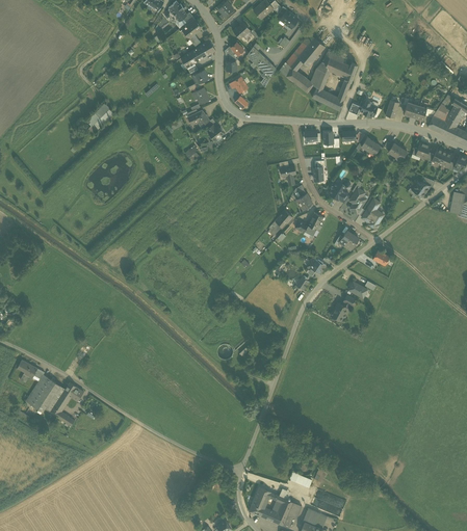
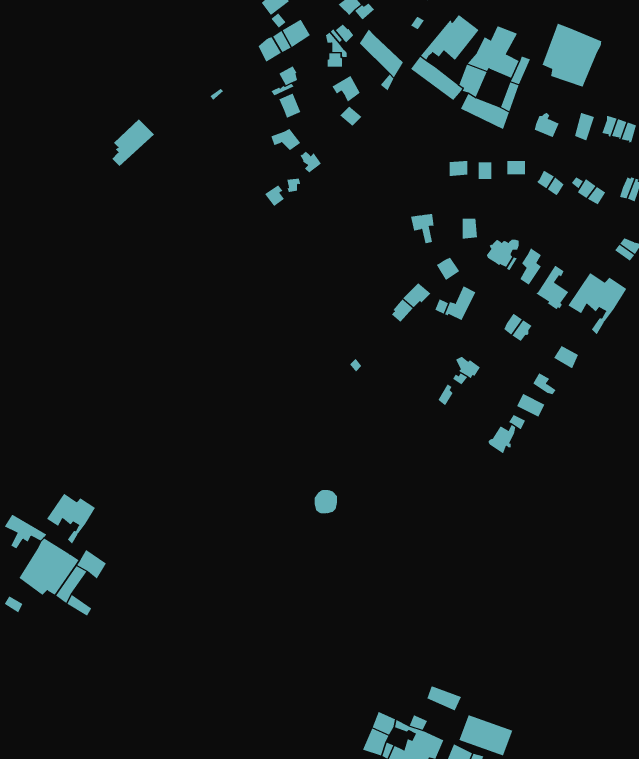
building: none -> [542,23,602,88]
building: none -> [568,272,627,335]
building: none -> [46,493,96,544]

